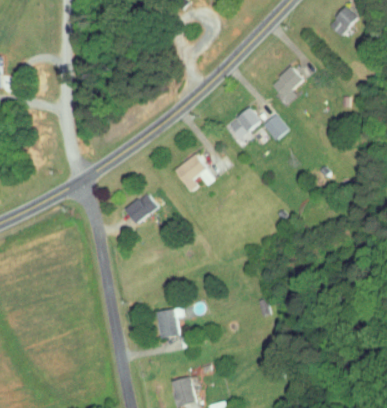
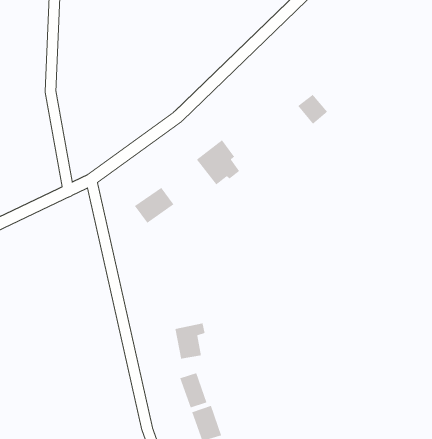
building: [270,65,304,104] -> none
building: [229,108,262,138] -> none
building: none -> [179,372,208,409]

